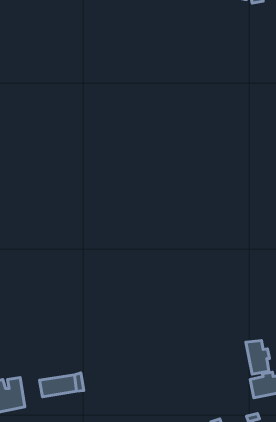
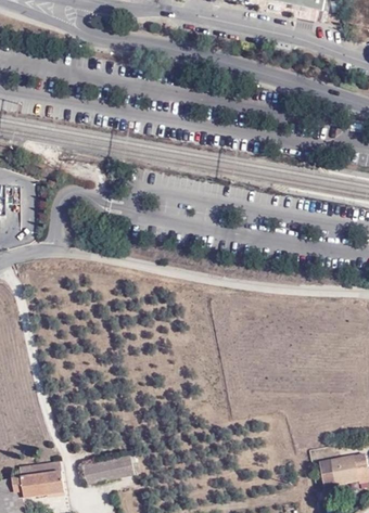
building: [246,341,269,374] -> none

